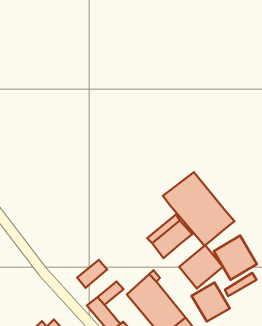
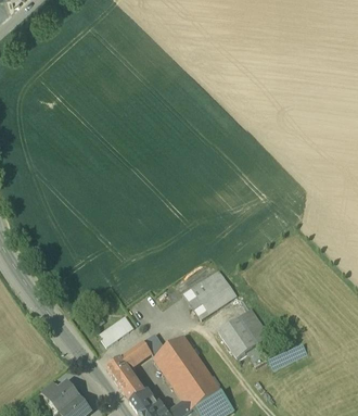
building: [163,172,235,246] -> none
building: [214,236,257,280] -> none
building: [191,282,230,322] -> none

